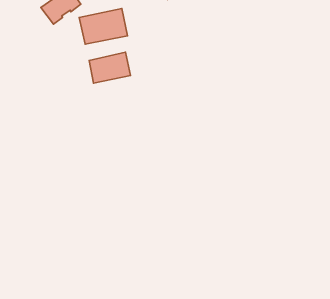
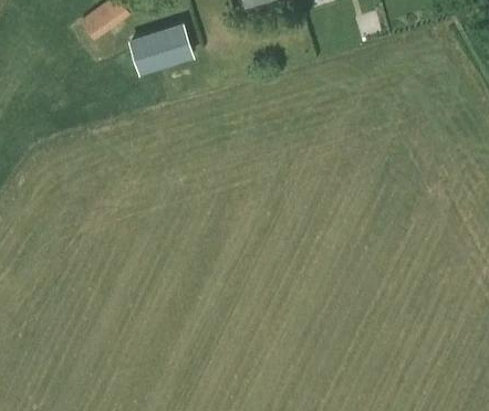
building: [89,52,130,83] -> none

